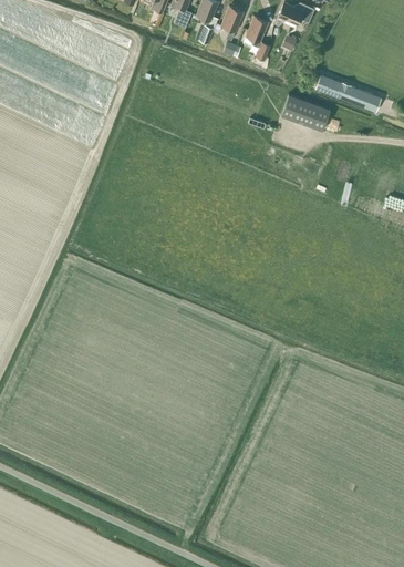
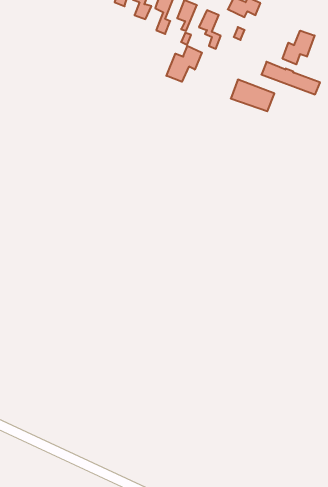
building: none -> [283,31,315,64]
building: none -> [166,46,202,82]

